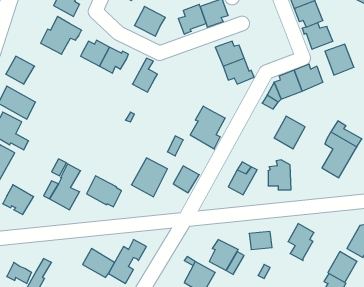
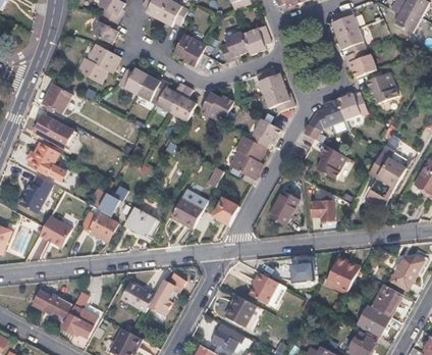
building: none -> [157,82,186,112]
building: none -> [202,91,233,122]
building: none -> [252,118,282,147]

